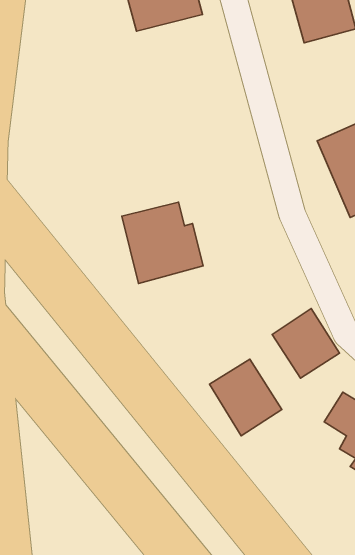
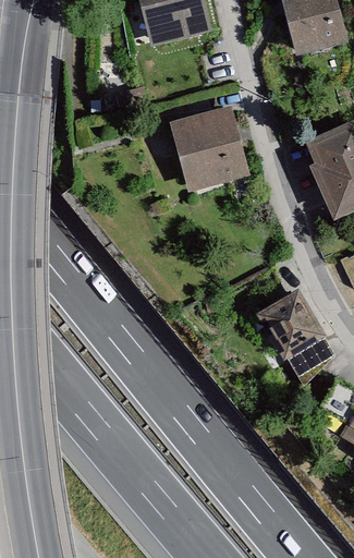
building: [122,202,203,284] -> [175,114,251,190]
building: [209,359,282,436] -> none

